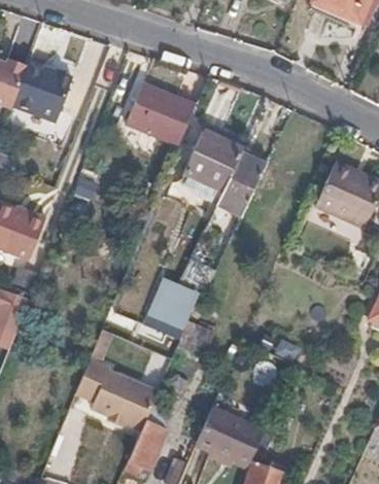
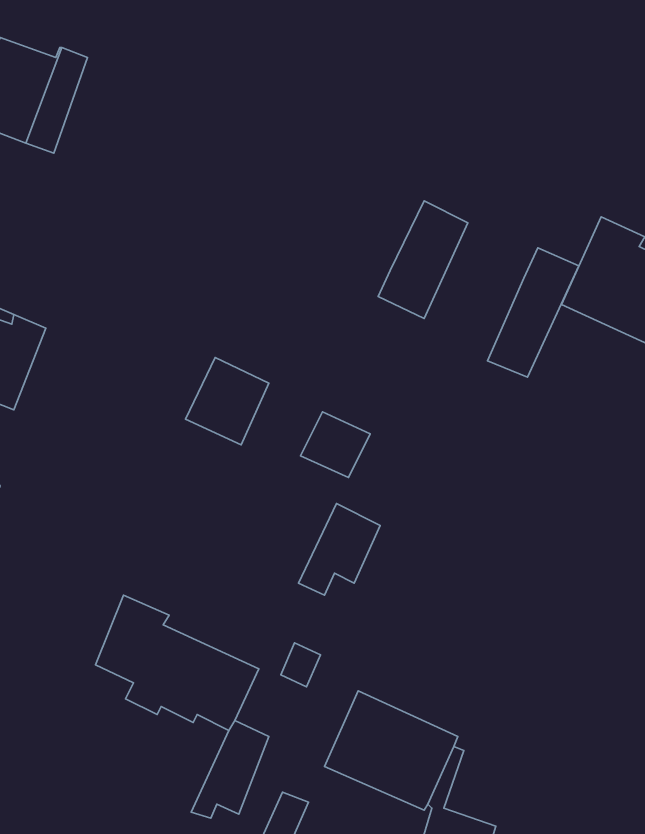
building: [126,81,193,145] -> none
building: [188,130,246,187] -> none
building: none -> [487,248,579,377]
building: [157,284,200,330] -> [185,357,269,445]

